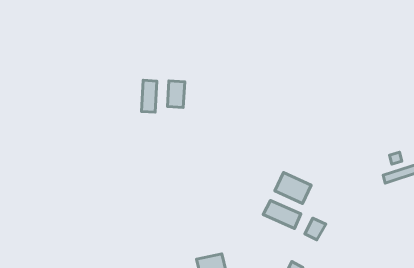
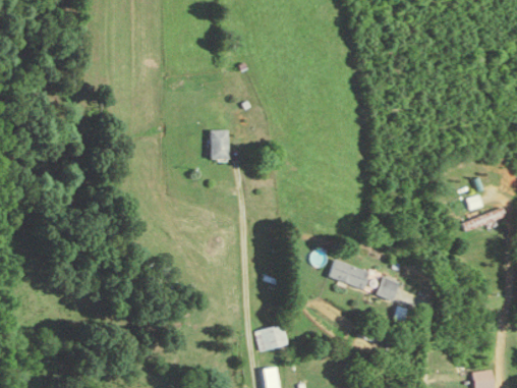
building: [141,80,157,112] -> none
building: [275,172,311,203] -> none

